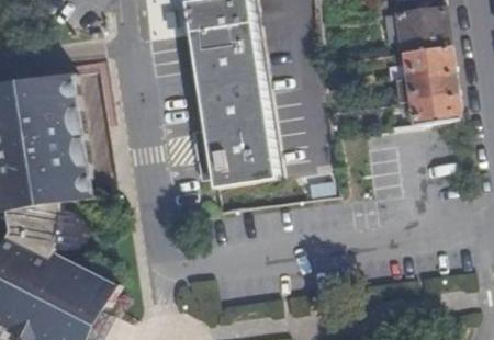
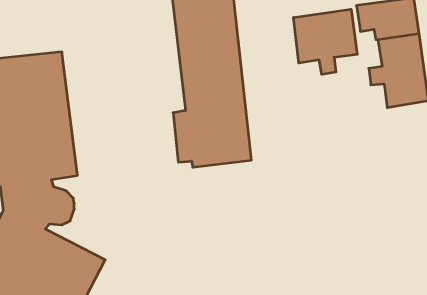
building: none -> [294,9,357,74]

